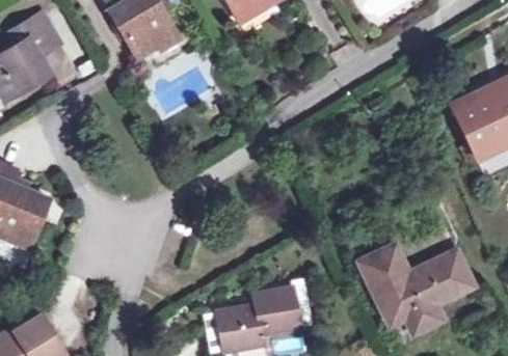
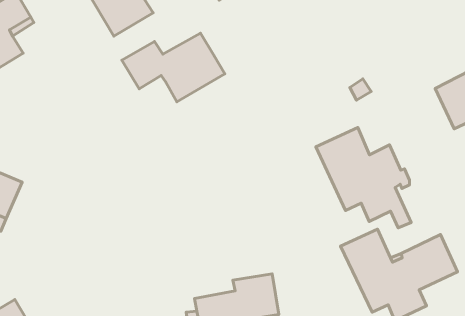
building: none -> [122,33,225,102]
building: none -> [316,128,411,228]

